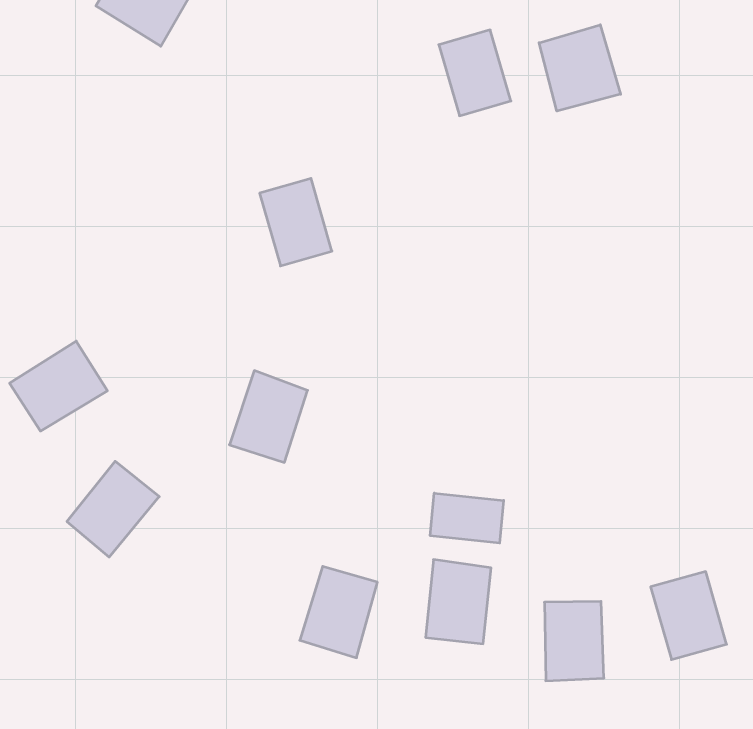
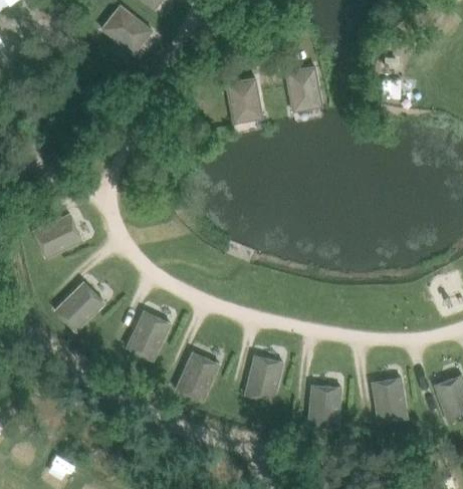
building: [539,25,621,111] -> none
building: [260,178,332,266] -> [227,77,263,124]
building: [229,371,308,462] -> [125,309,171,361]
building: [430,493,504,543] -> none

